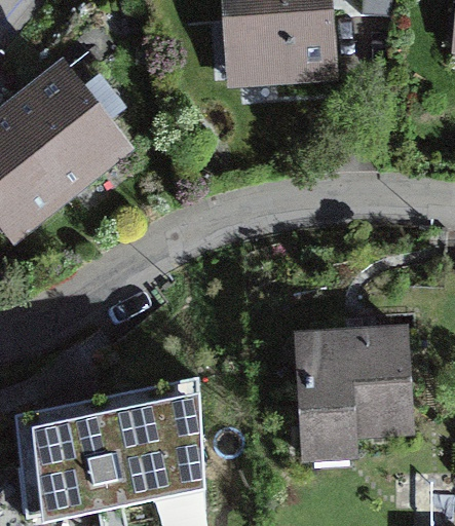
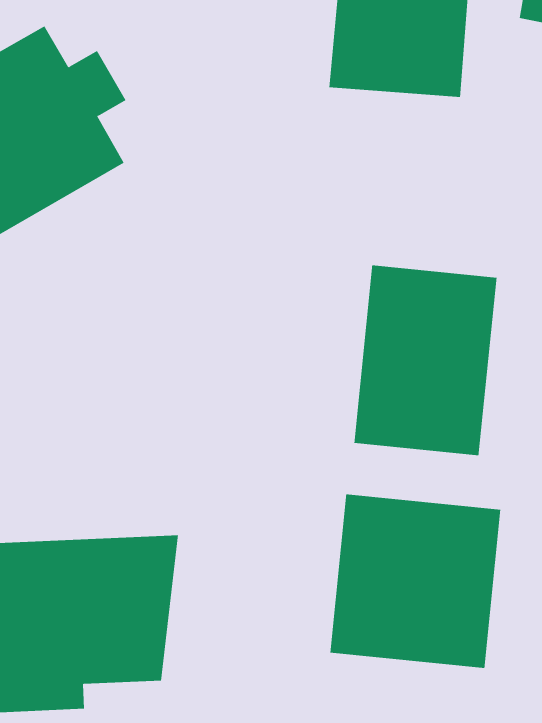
building: none -> [354,265,497,456]

